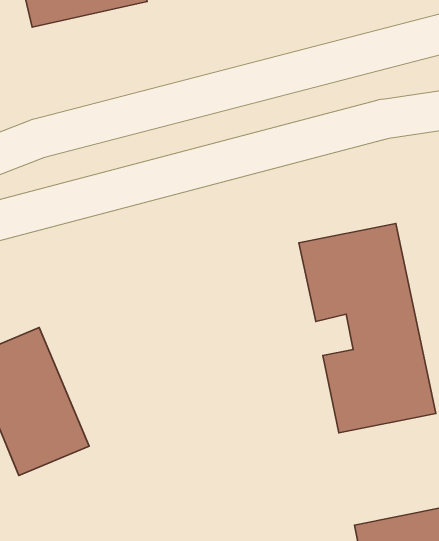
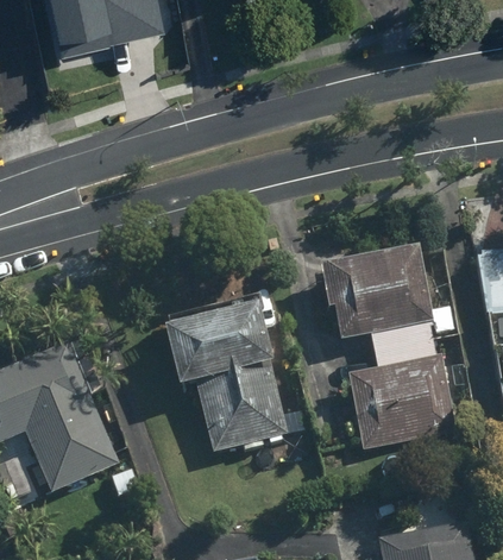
building: none -> [162,295,287,451]

